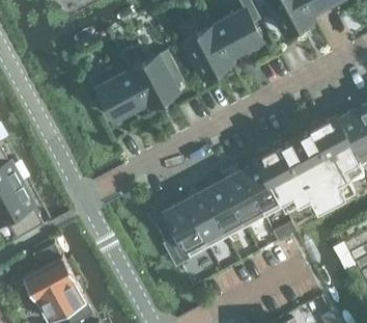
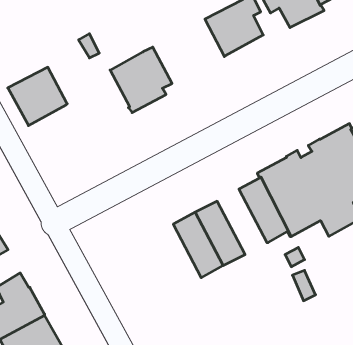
building: [181,27,230,79] -> none
building: [95,71,146,120] -> [8,67,67,126]
building: [221,172,263,228] -> none
building: [164,203,207,259] -> none

